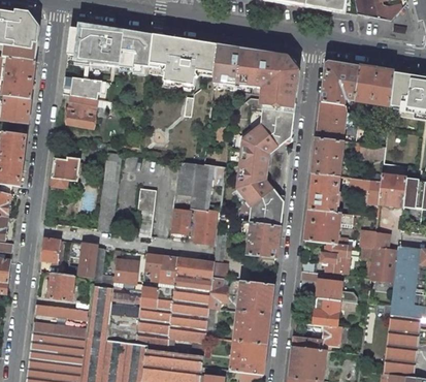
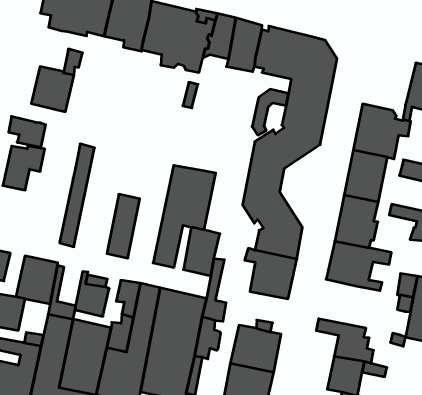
building: [321,62,359,105] -> none
building: [63,75,91,98] -> [9,116,46,148]
building: [321,243,348,273] -> none

